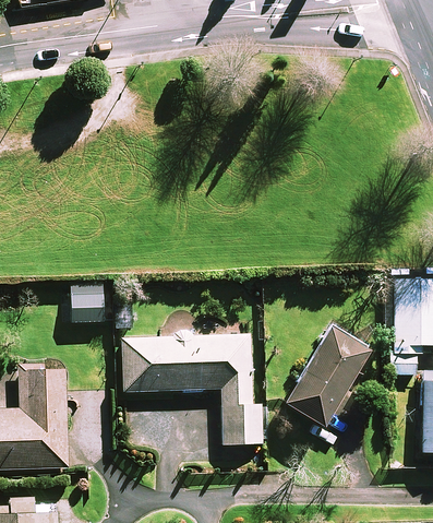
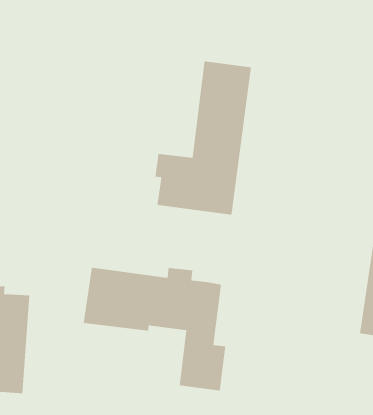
building: none -> [155,61,252,215]
building: [285,328,371,430] -> none

